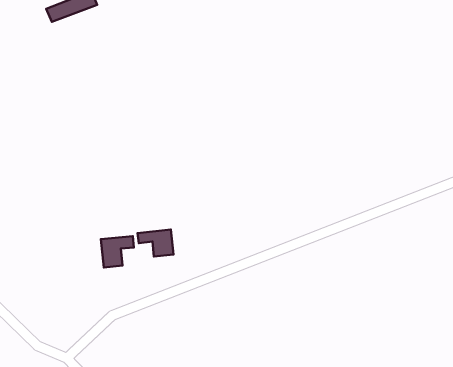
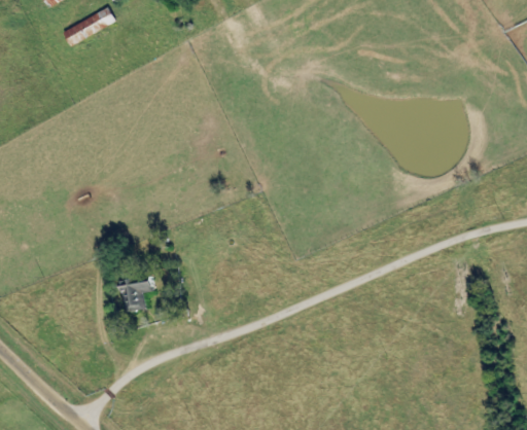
building: [137,230,173,256] -> none

